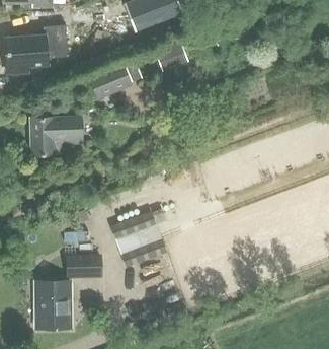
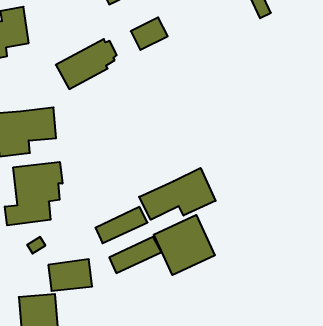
building: none -> [5,162,62,225]
building: none -> [139,168,216,220]
building: none -> [154,215,215,275]

